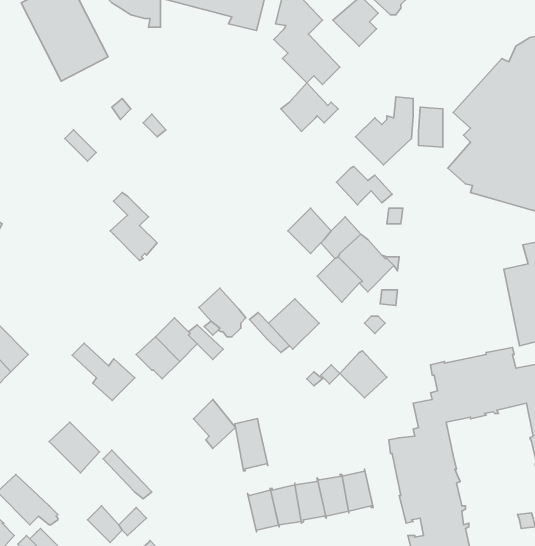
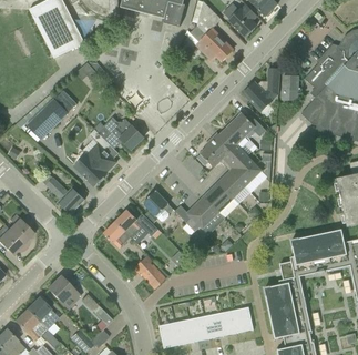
building: [281,83,338,132] -> [214,122,250,153]
building: none -> [28,99,68,138]
building: none -> [98,118,144,149]
building: none -> [76,155,106,185]
building: [72,343,135,401] -> [45,176,85,213]
building: [340,351,387,398] -> [204,182,234,212]
building: [235,419,268,471] -> [158,315,180,348]
building: none -> [27,296,60,328]

